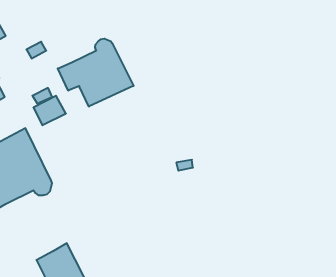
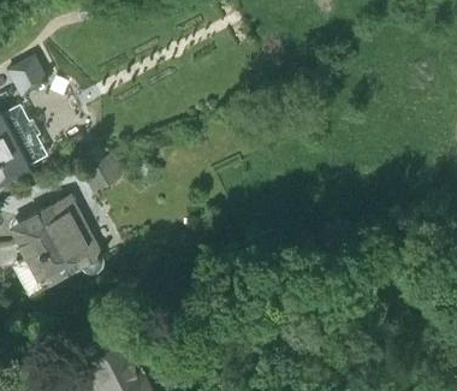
building: [58,39,134,107] -> none

